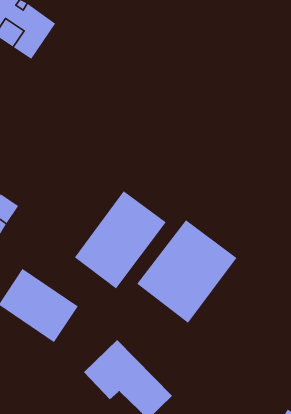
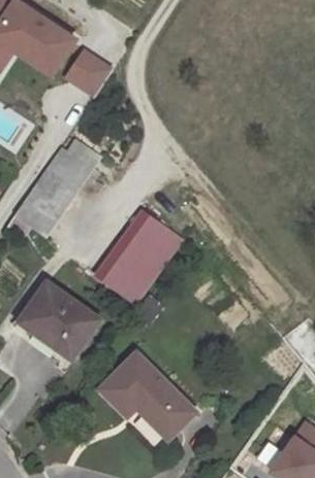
building: none -> [67,50,112,97]
building: [136,219,237,324] -> none

